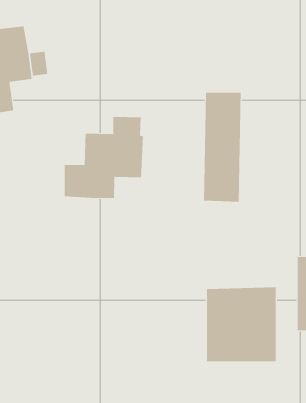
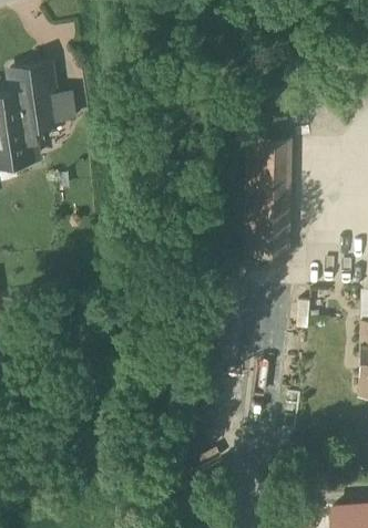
building: [64,116,143,199] -> none
building: [207,287,276,362] -> none

